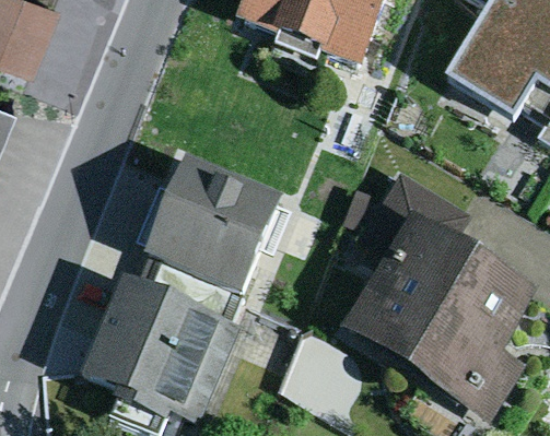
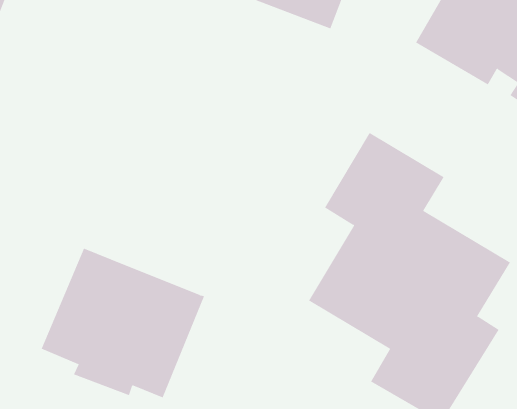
building: [144,153,285,325] -> none

